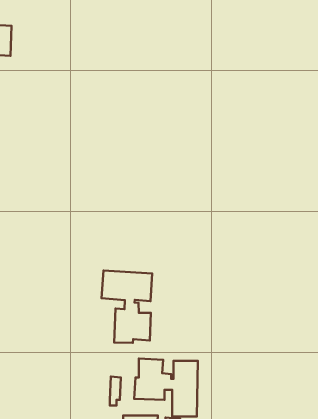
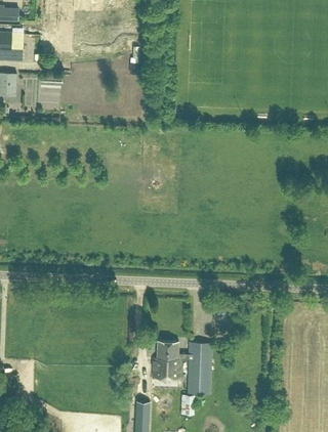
building: [101,270,152,343] -> none

